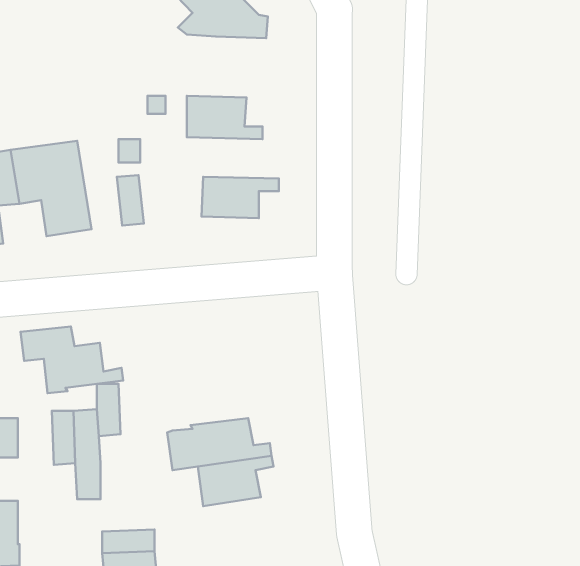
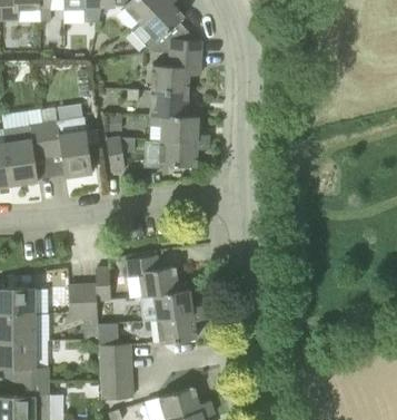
building: none -> [151,53,200,91]
building: none -> [150,116,208,141]
building: [21,327,123,393] -> [126,256,189,297]
building: none -> [98,323,131,360]

